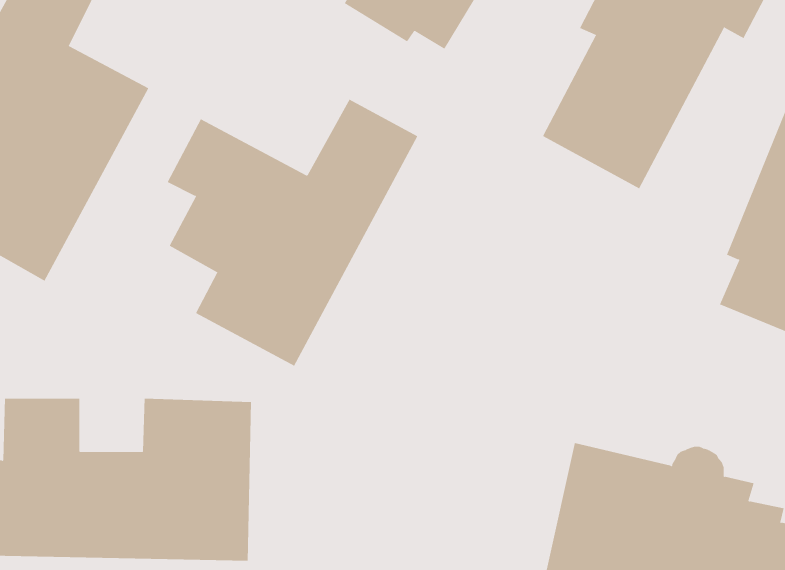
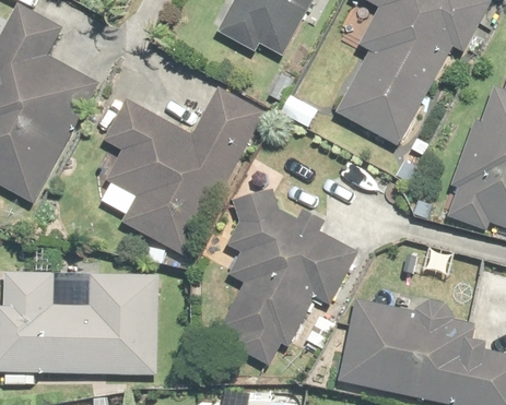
building: none -> [216,193,357,367]

